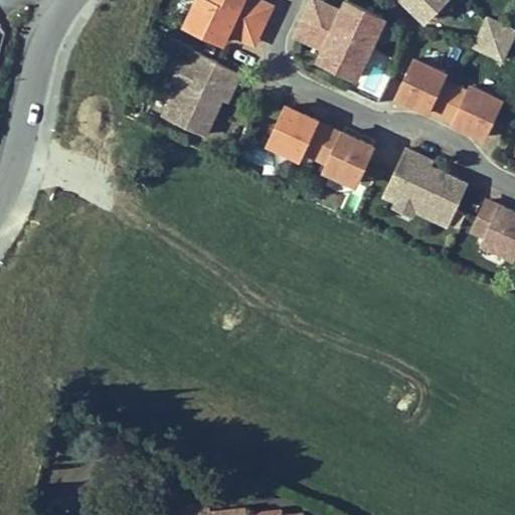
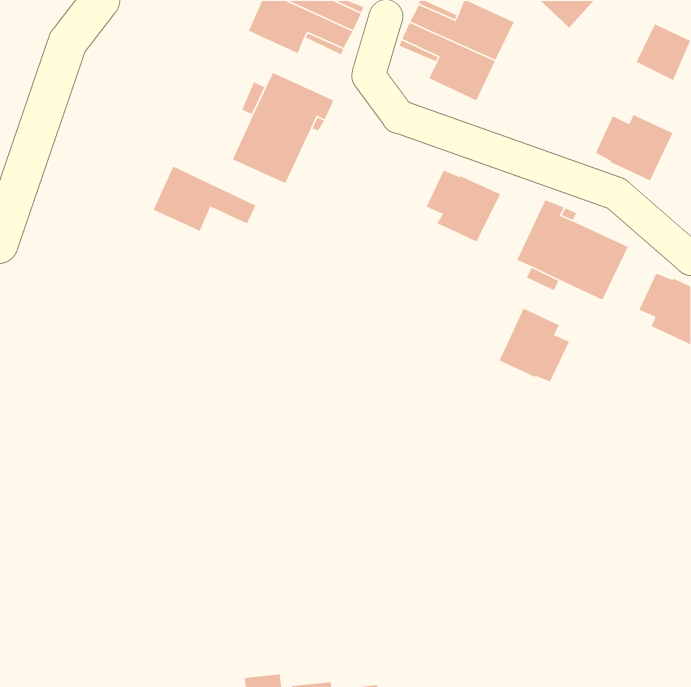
building: [398,63,455,118] -> none
building: [271,109,329,159] -> none
building: none -> [152,165,257,232]
building: none -> [499,307,570,382]

